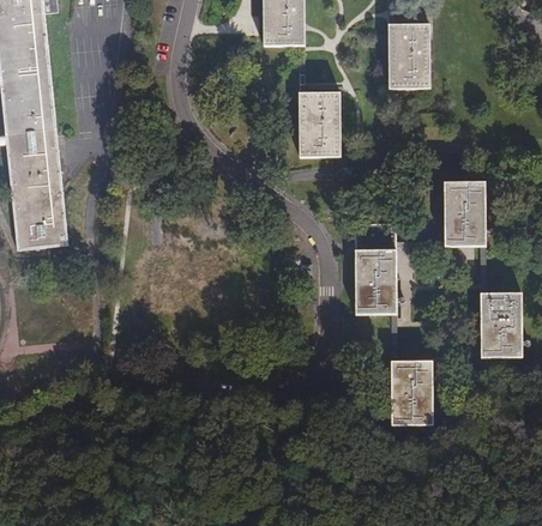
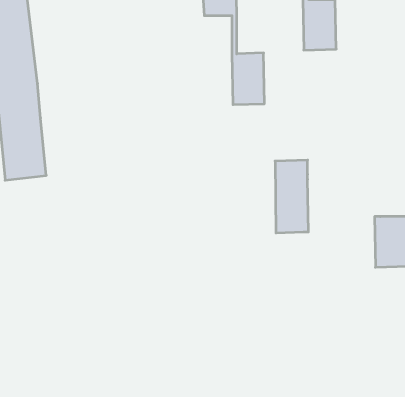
building: [444,183,486,247] -> none
building: [390,361,432,425] -> none

